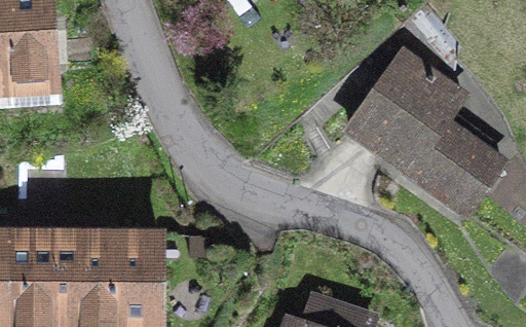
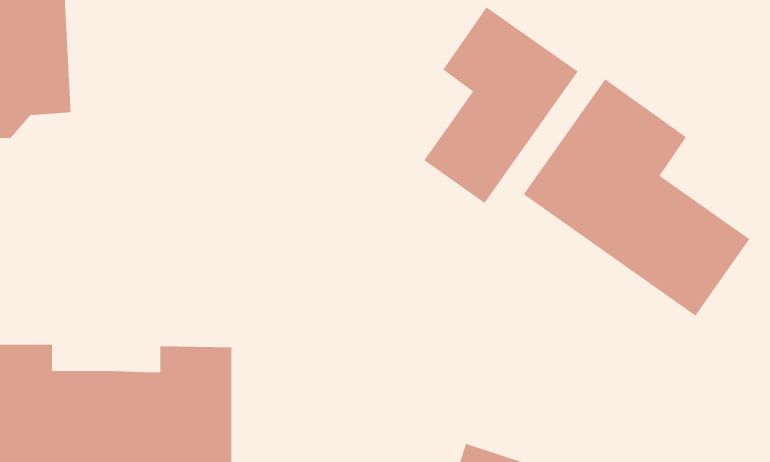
building: none -> [424,6,578,204]

